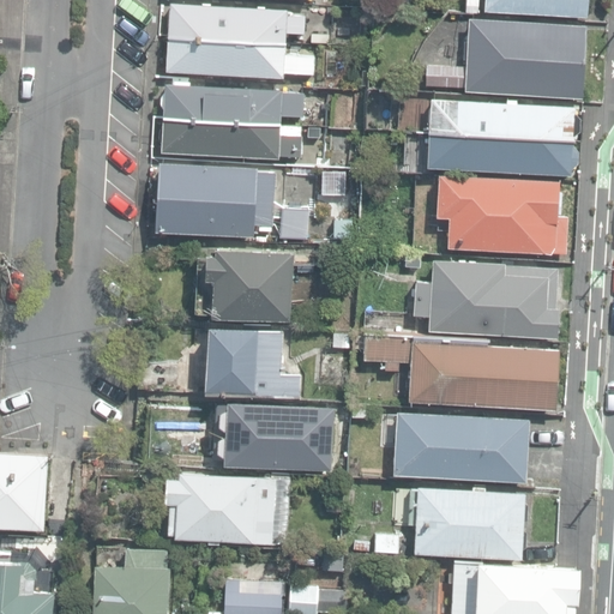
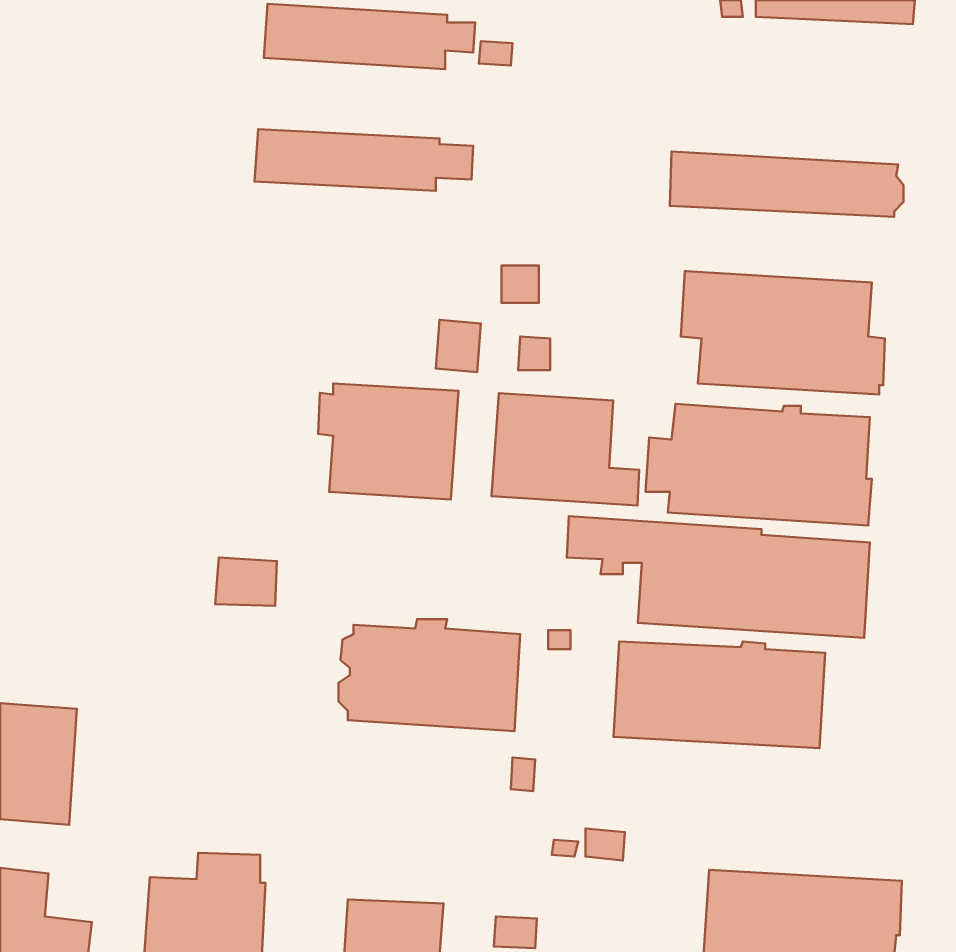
building: [426,20,588,100] -> none
building: [167,40,314,79] -> none
building: [162,119,302,159] -> none
building: [427,134,578,176] -> none
building: [155,164,276,239] -> none
building: [204,327,299,399] -> [491,393,639,505]
building: [165,471,291,546] -> none
building: [408,488,524,560] -> none

